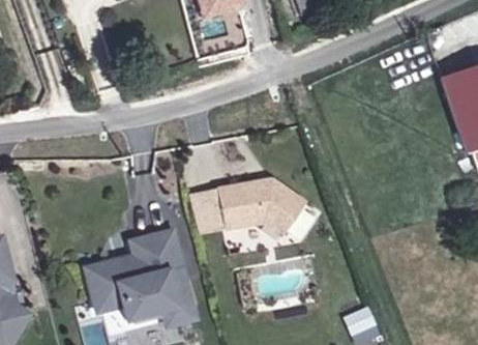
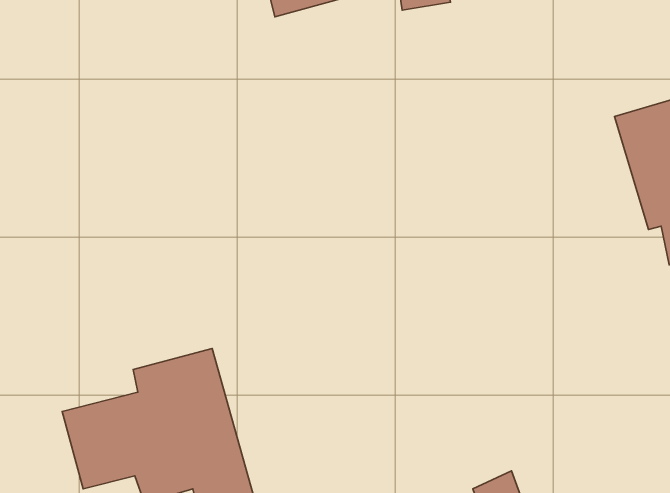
building: [185,178,306,241] -> none

